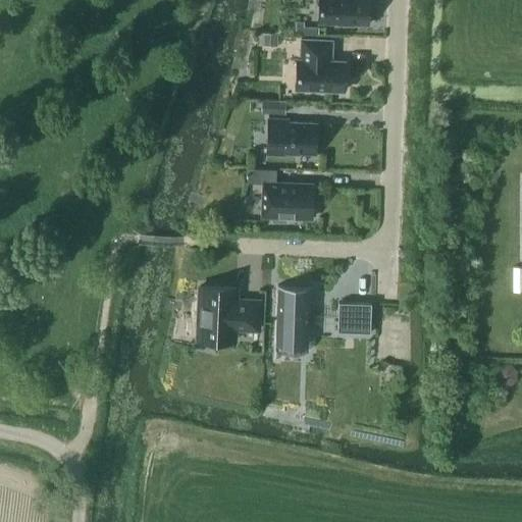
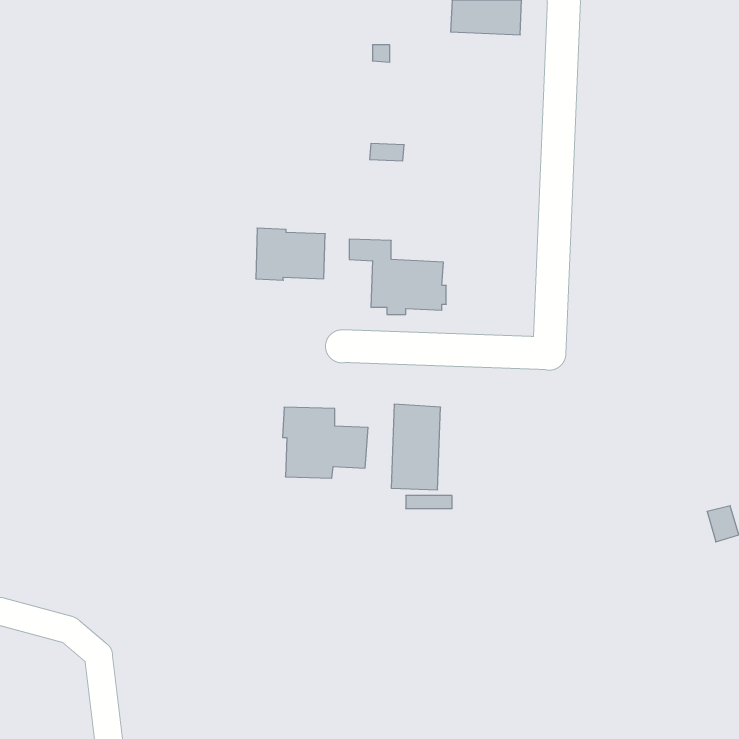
building: [296,40,345,92] -> none
building: [267,119,316,156] -> [256,228,325,280]
building: [337,303,371,333] -> none

